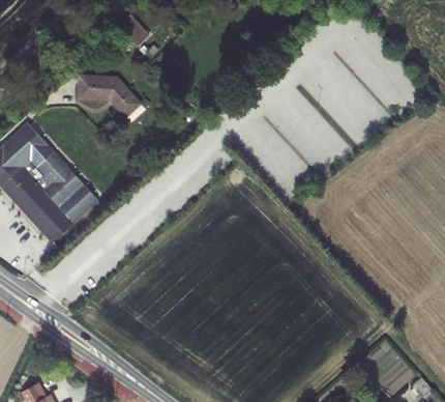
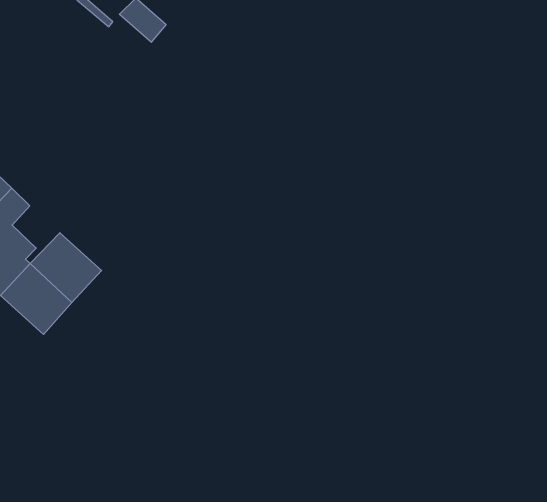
building: [78,79,137,116] -> none
building: [33,152,66,193] -> none

